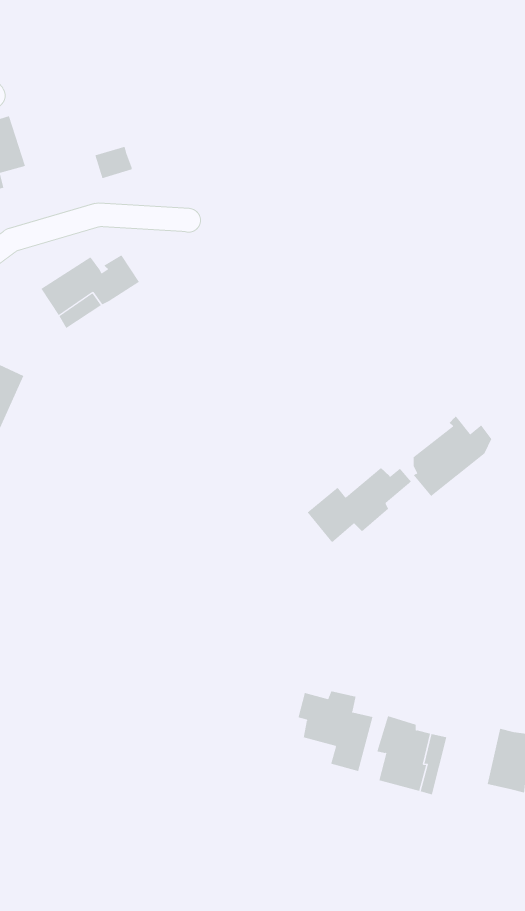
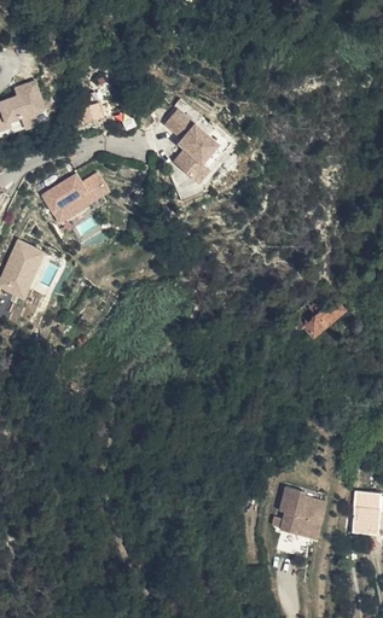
building: none -> [156,110,216,186]
building: [307,467,412,543] -> none
building: [298,690,373,772] -> none

